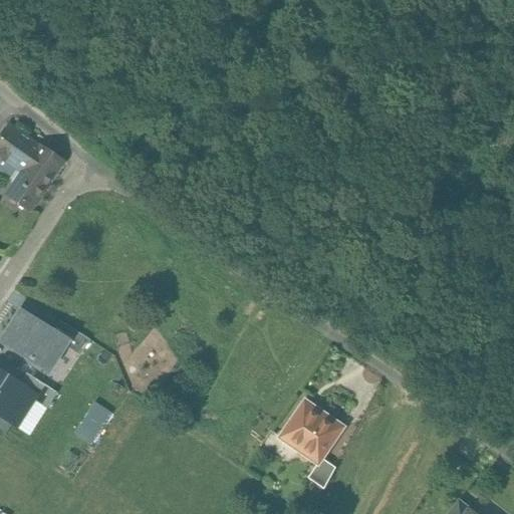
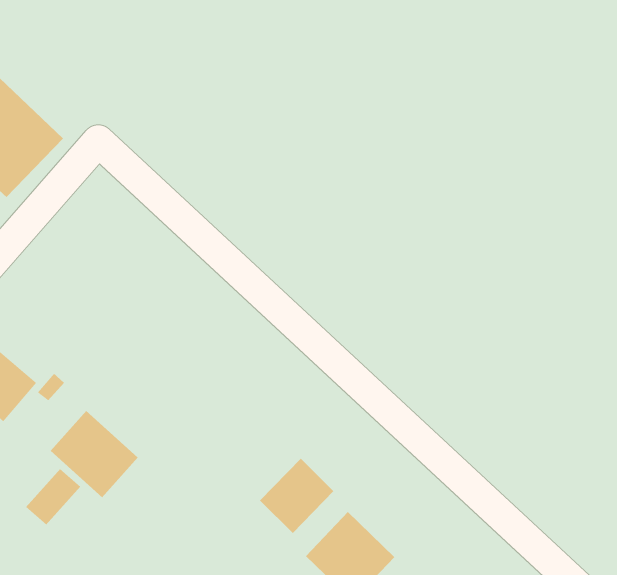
building: none -> [50,410,138,498]
building: none -> [259,458,334,534]

